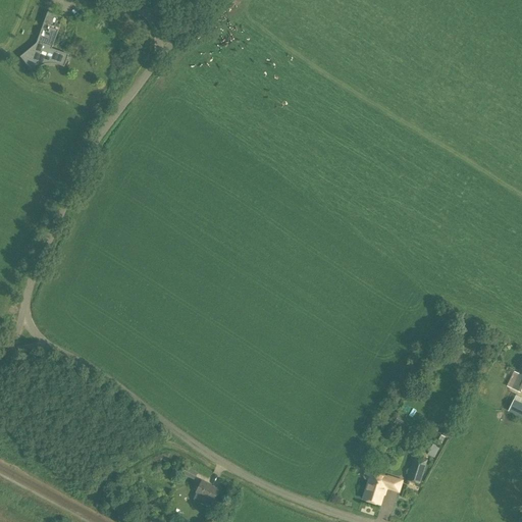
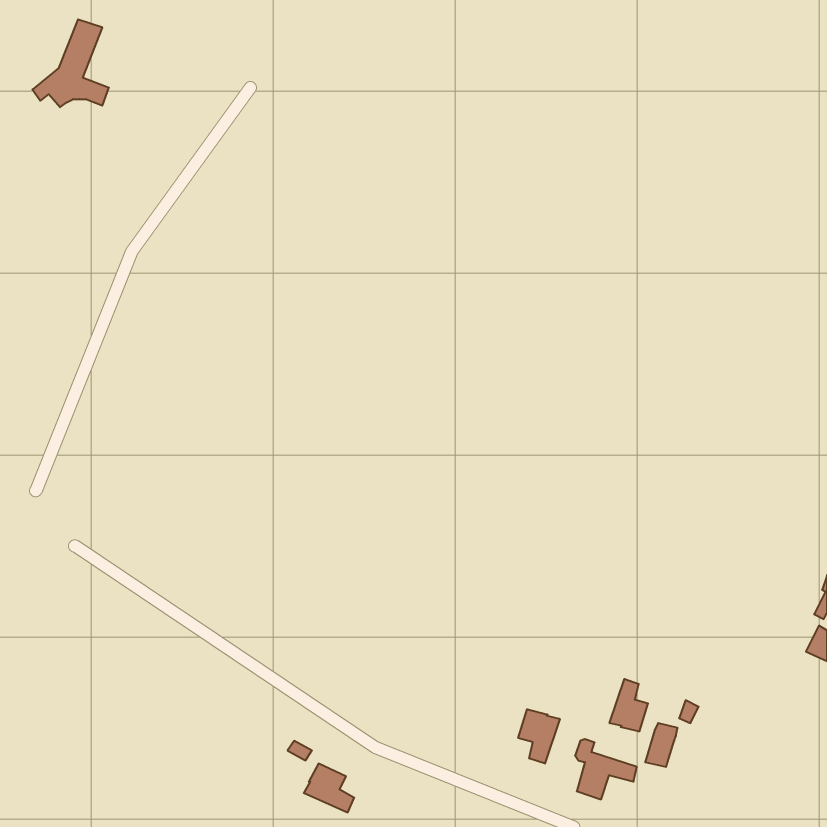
building: none -> [610,679,648,732]
building: none -> [518,709,560,764]

